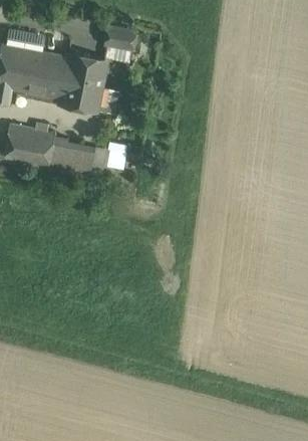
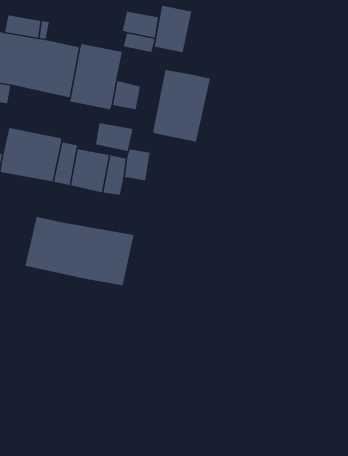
building: none -> [154,5,192,53]
building: none -> [152,69,211,142]
building: none -> [95,122,133,152]
building: none -> [25,216,134,286]

